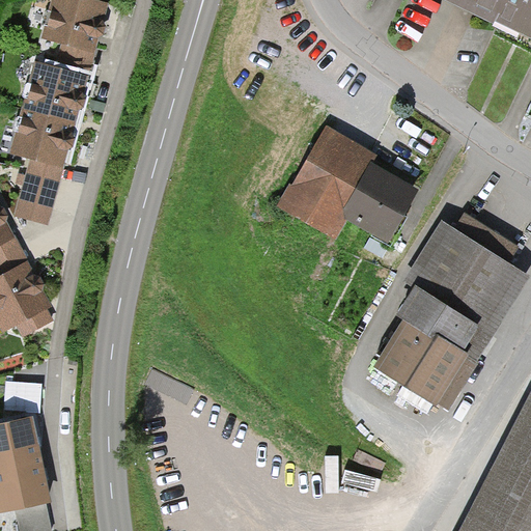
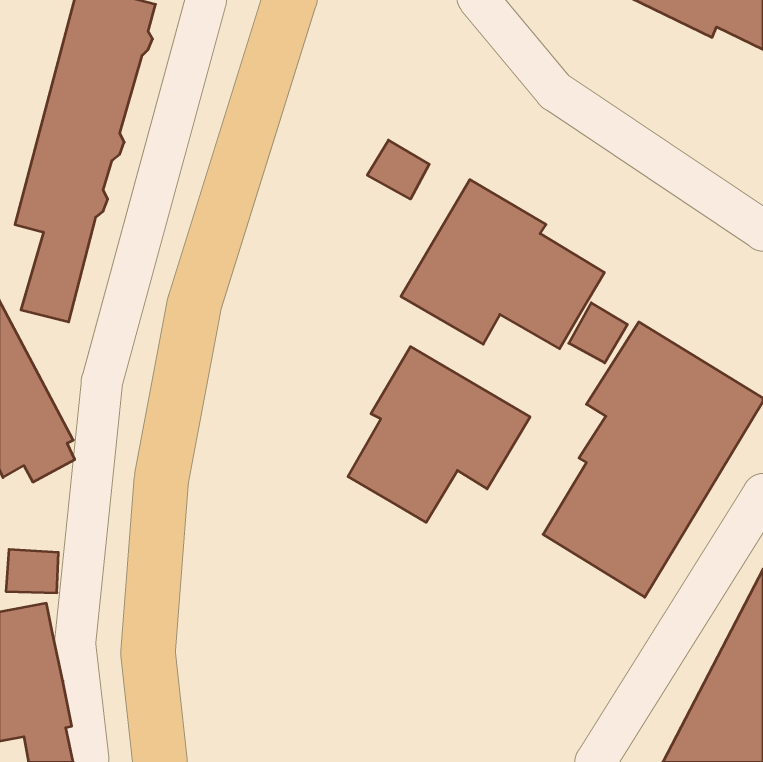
building: none -> [367,140,429,199]
building: none -> [569,303,627,363]
building: none -> [348,347,530,522]

